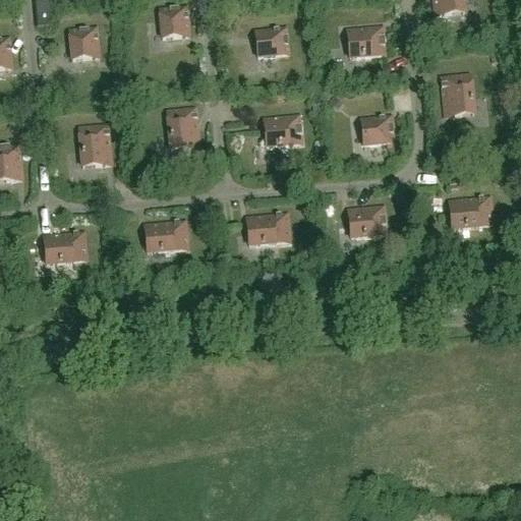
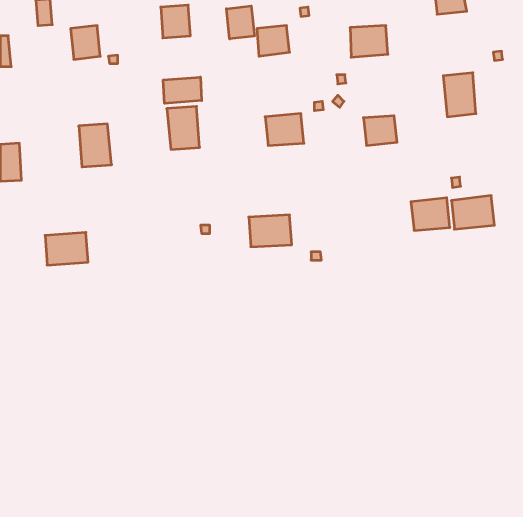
building: none -> [226,6,254,39]
building: none -> [163,77,202,103]
building: [348,205,387,237] -> [411,198,450,230]
building: [144,220,187,252] -> none

